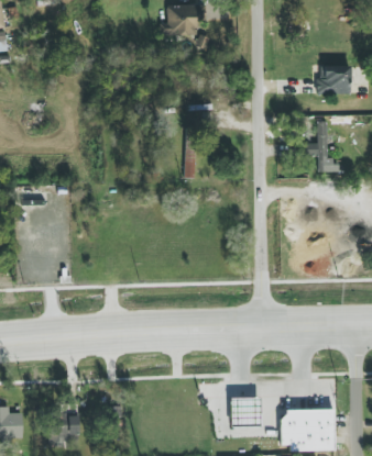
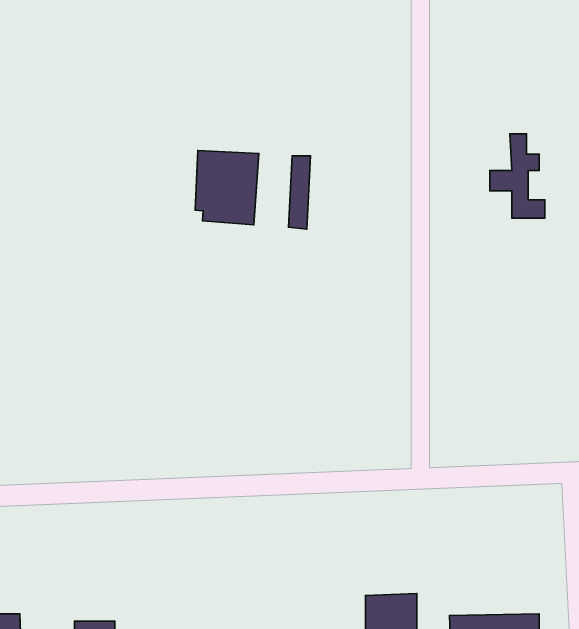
building: [319,65,351,92] -> none
building: none -> [195,151,259,225]

